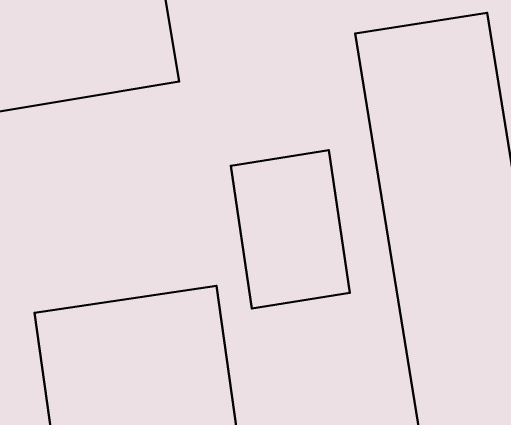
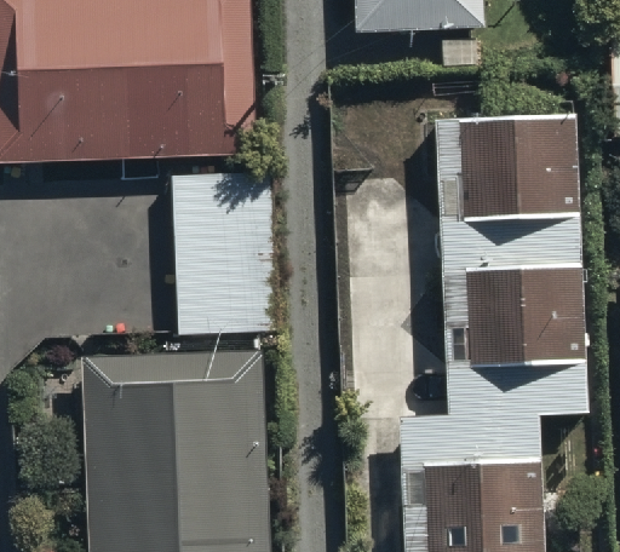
building: [231,150,350,309] -> [177,182,281,332]

